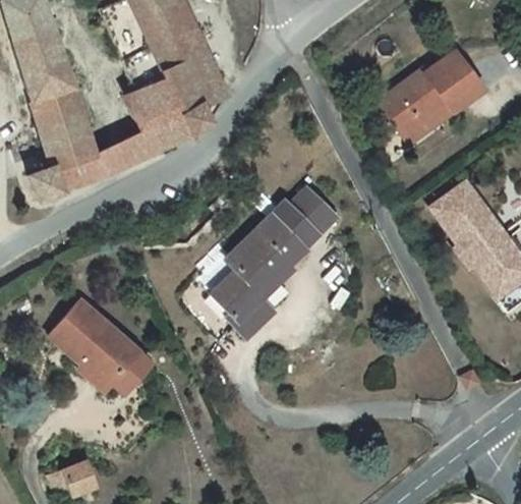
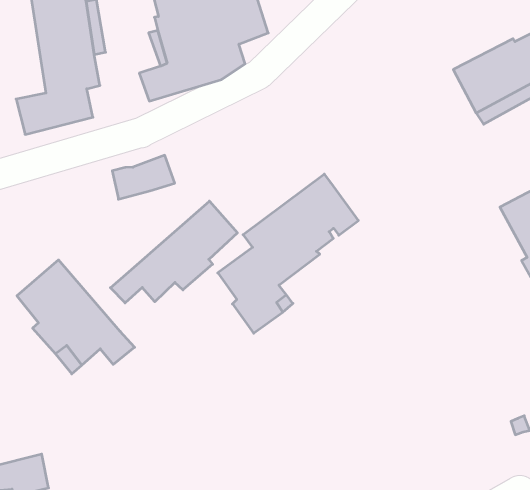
building: [85,139,137,180] -> [112,155,175,199]
building: [293,189,337,234] -> none
building: none -> [110,201,237,303]

